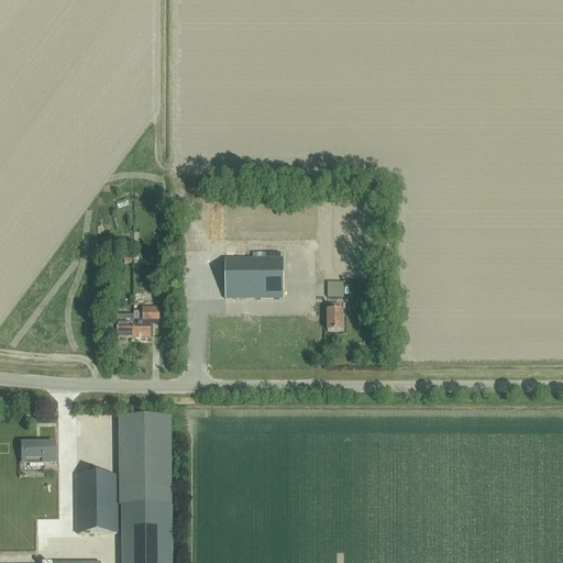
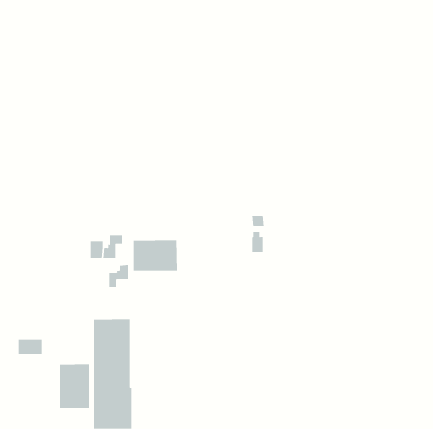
building: [225,255,284,296] -> [133,240,178,271]
building: none -> [109,264,129,288]

